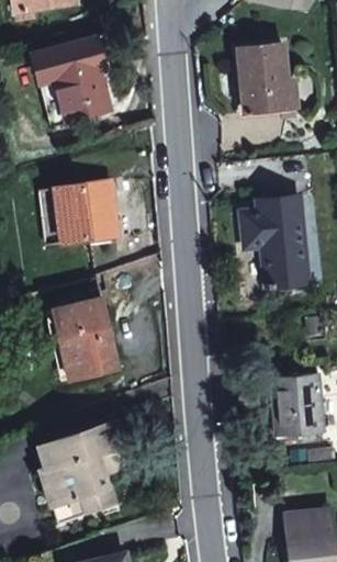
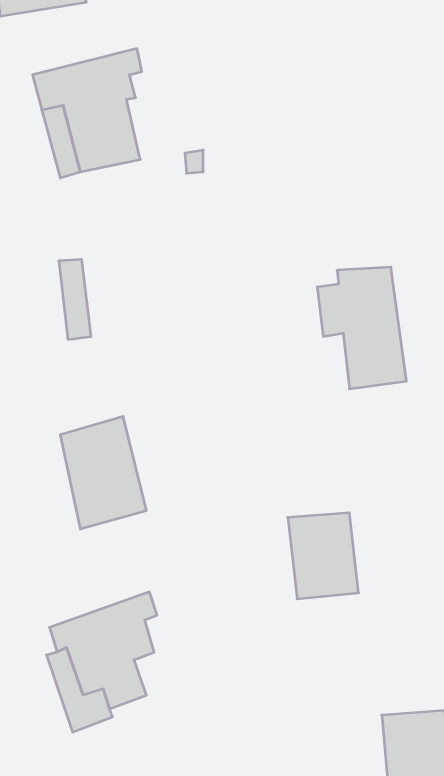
building: [234,41,283,104] -> none
building: [71,183,116,241] -> none
building: [270,370,321,431] -> [288,513,359,599]

